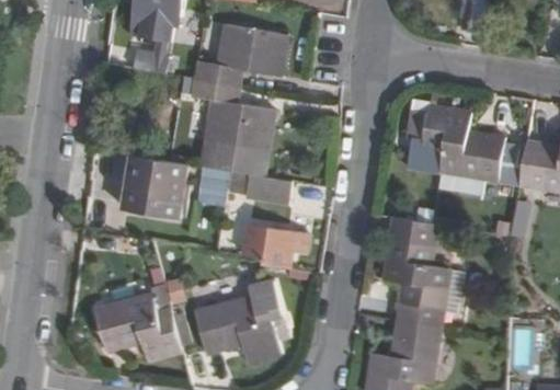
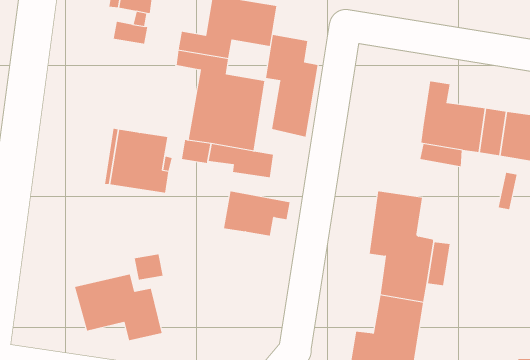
building: none -> [265,34,318,138]
building: [405,105,446,152] -> none
building: [197,295,284,377] -> none

